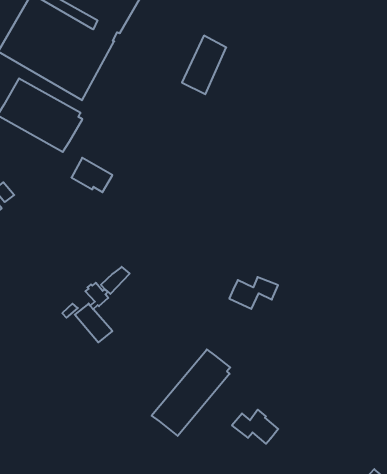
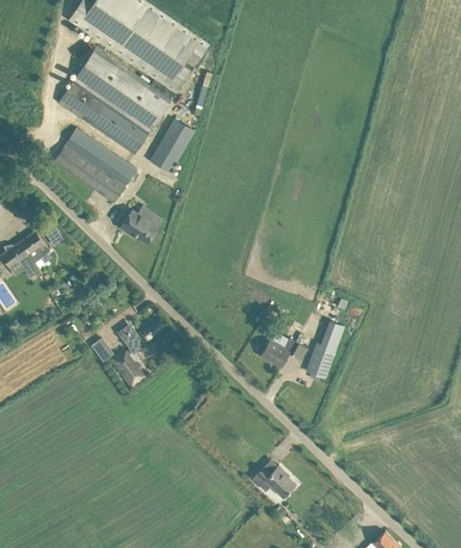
building: [182,36,226,94] -> [149,117,195,173]
building: none -> [306,324,343,377]
building: [152,349,230,436] -> none

